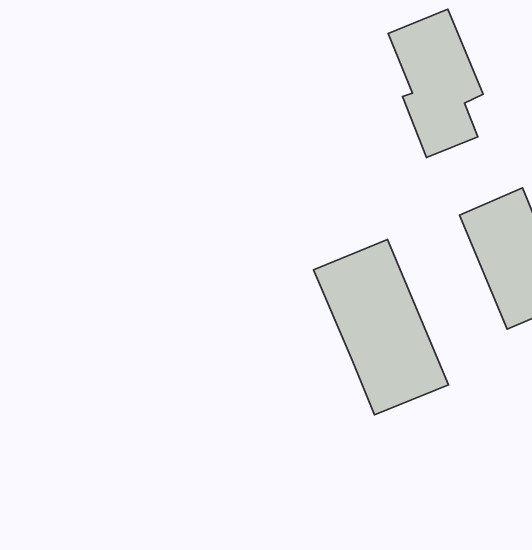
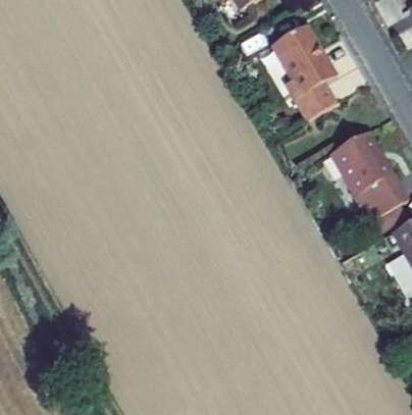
building: [314,240,448,415] -> none

